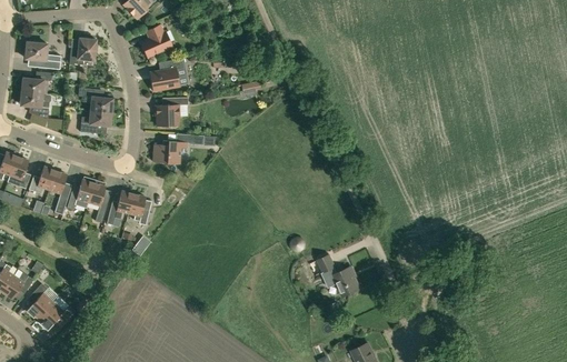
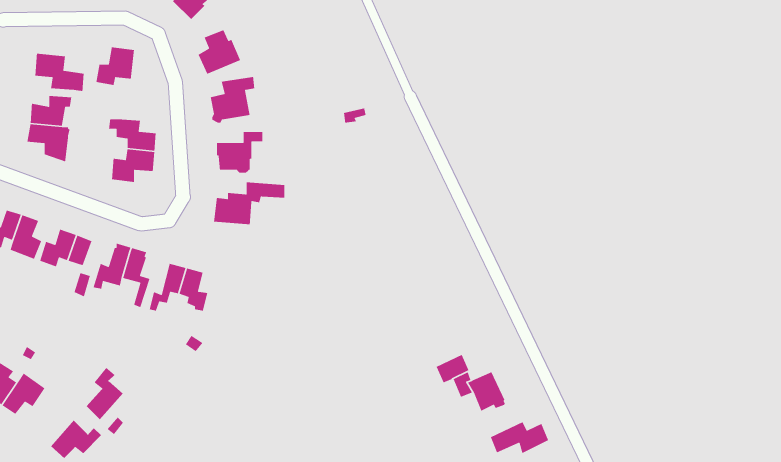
building: [27,283,53,321] -> [86,367,123,420]
building: none -> [490,421,549,454]

